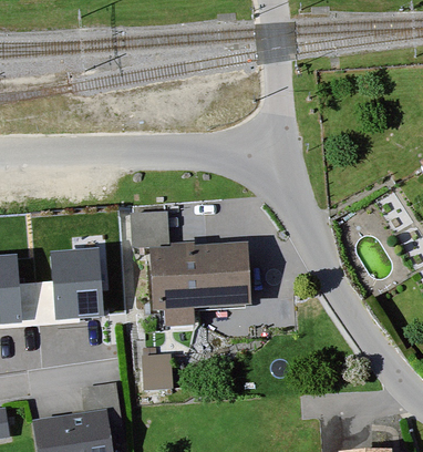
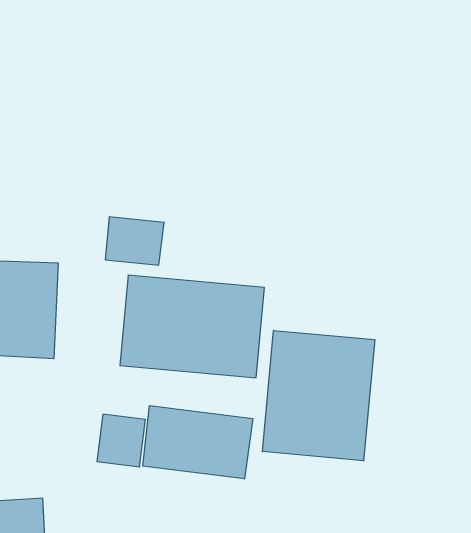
building: none -> [263,330,375,461]
building: none -> [143,406,253,479]

